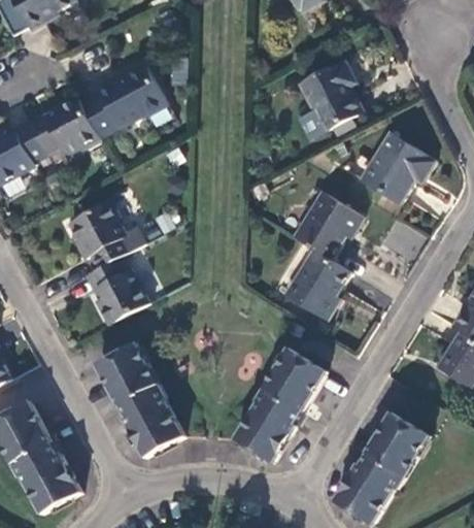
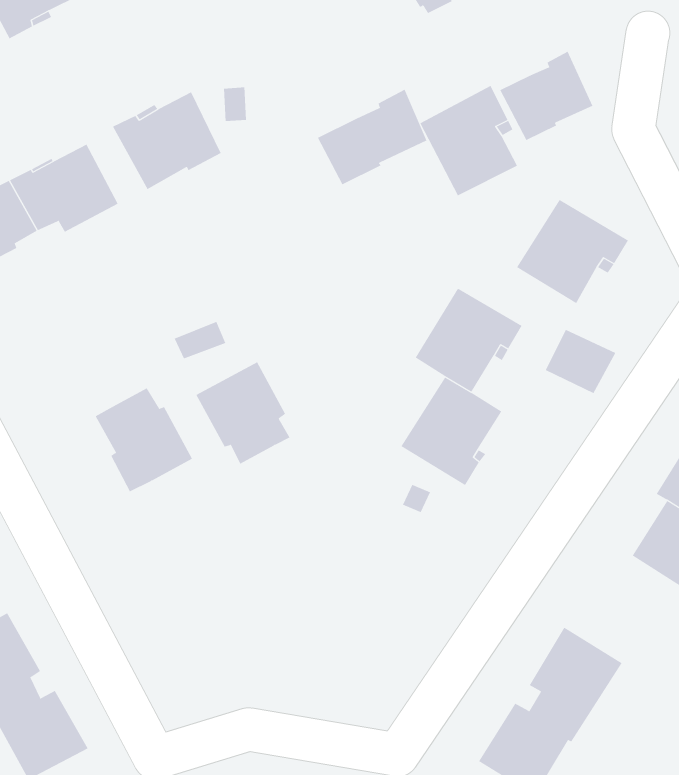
building: none -> [500,51,593,141]
building: none -> [317,89,427,185]
building: [68,201,130,268] -> [196,362,291,464]
building: [98,344,183,457] -> none
building: [235,350,325,463] -> none

